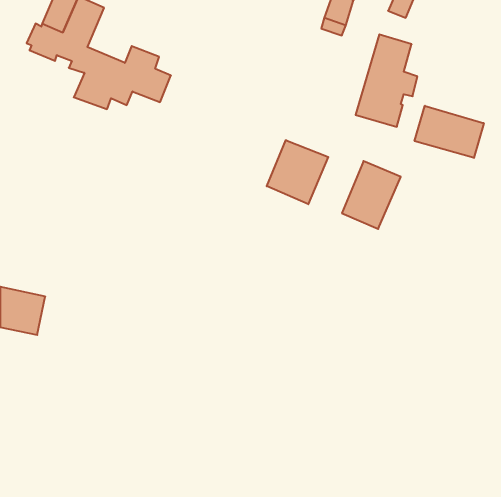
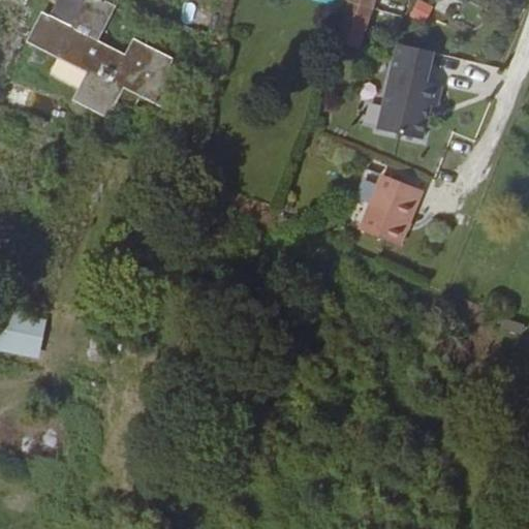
building: [415,106,484,158] -> none
building: [267,140,328,204] -> none

